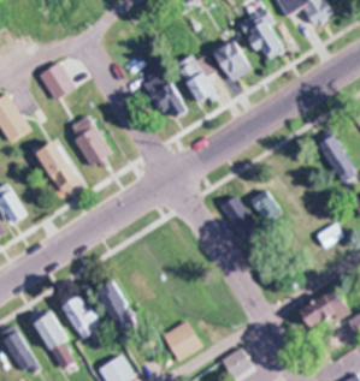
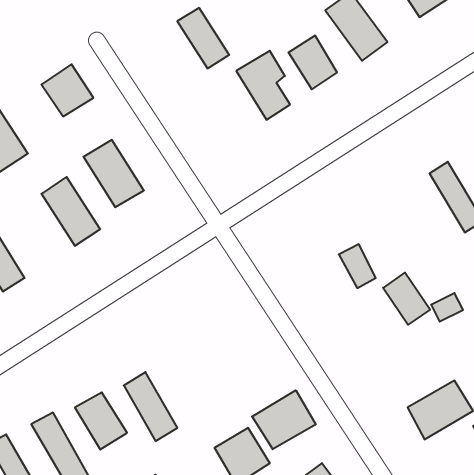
building: [148,73,185,117] -> [177,8,229,68]
building: [220,195,254,232] -> [383,273,430,325]
building: none -> [252,390,316,449]

